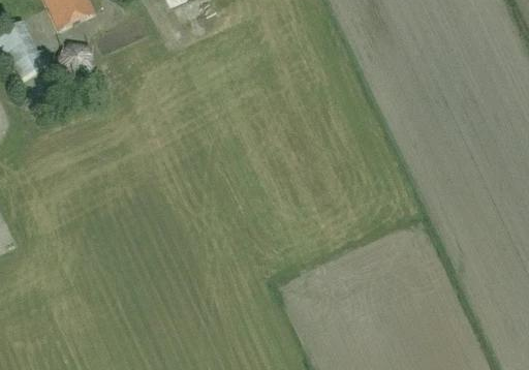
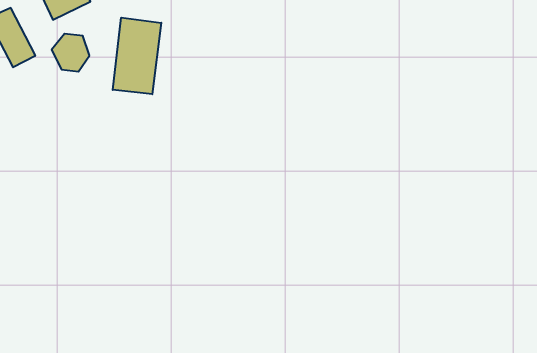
building: none -> [113,18,161,94]

